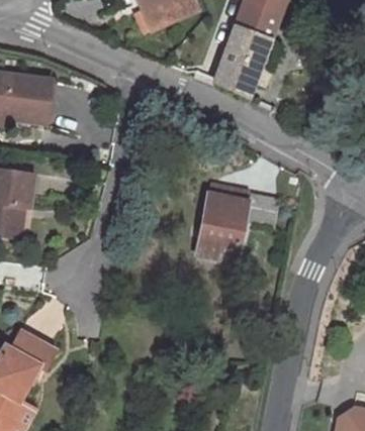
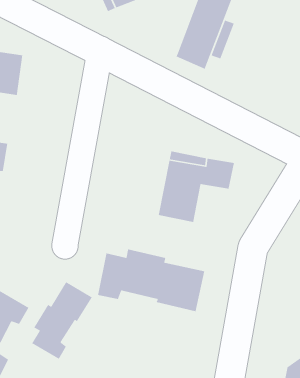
building: none -> [97,248,205,312]
building: none -> [31,281,93,360]

